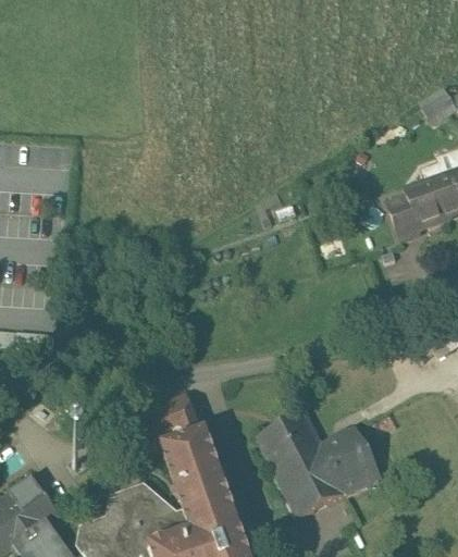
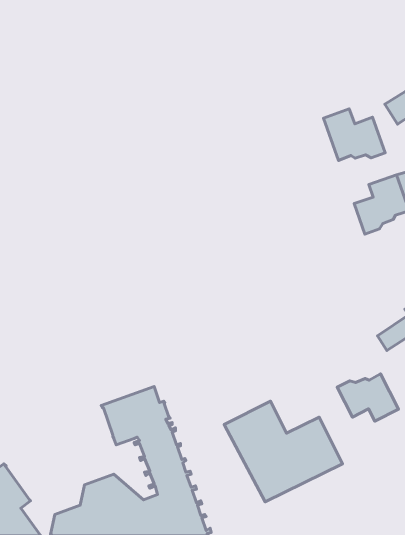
building: none -> [323,109,385,161]
building: none -> [337,374,398,421]

